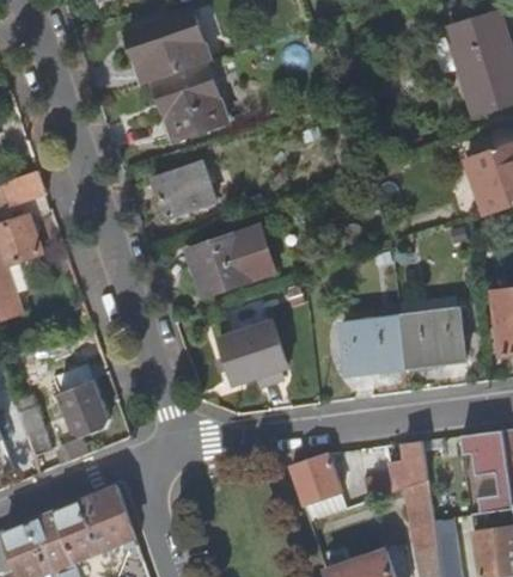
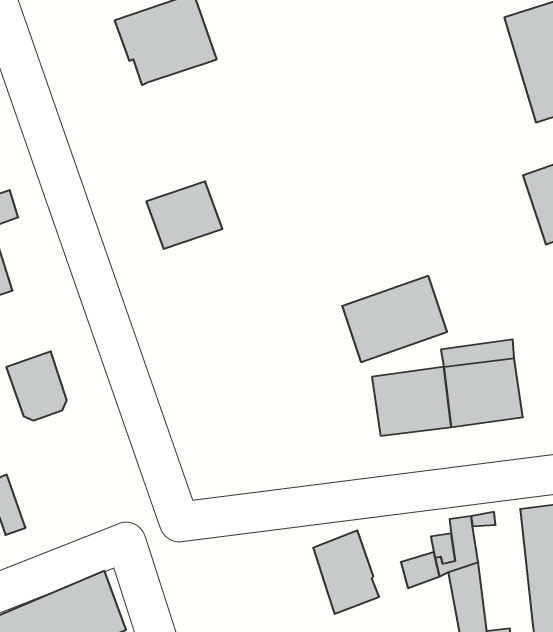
building: [152,62,226,140] -> none
building: [187,225,274,296] -> [342,276,447,362]
building: [218,320,287,383] -> none
building: [60,381,110,438] -> [6,351,67,420]

